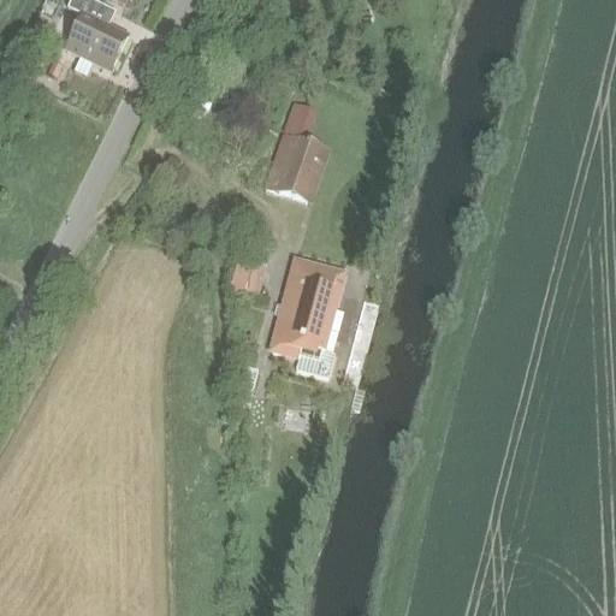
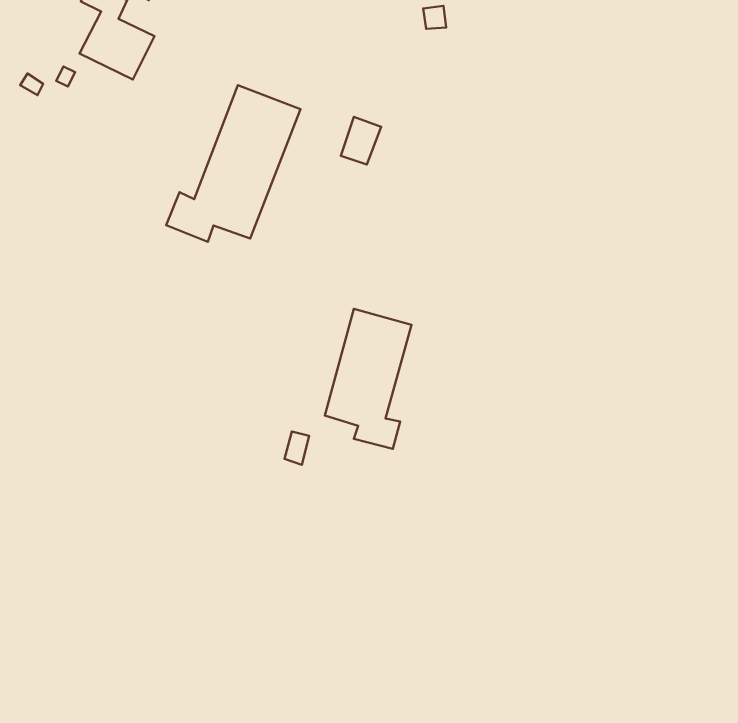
building: none -> [166,85,300,242]
building: [279,137,326,197] -> none

